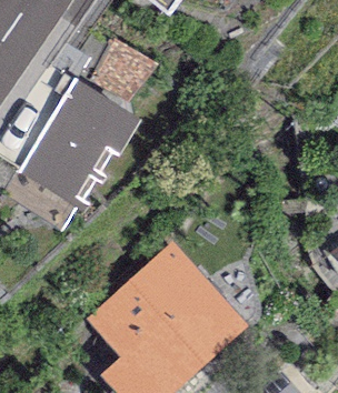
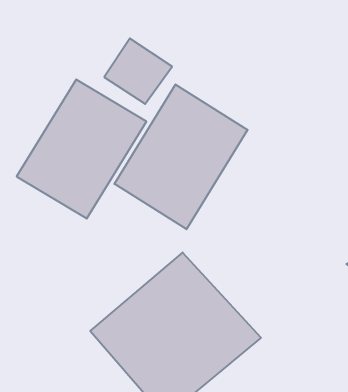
building: none -> [114,84,248,229]

